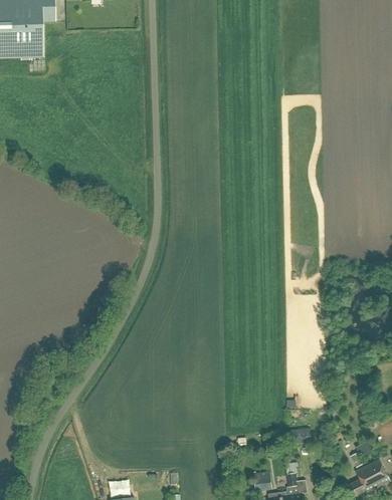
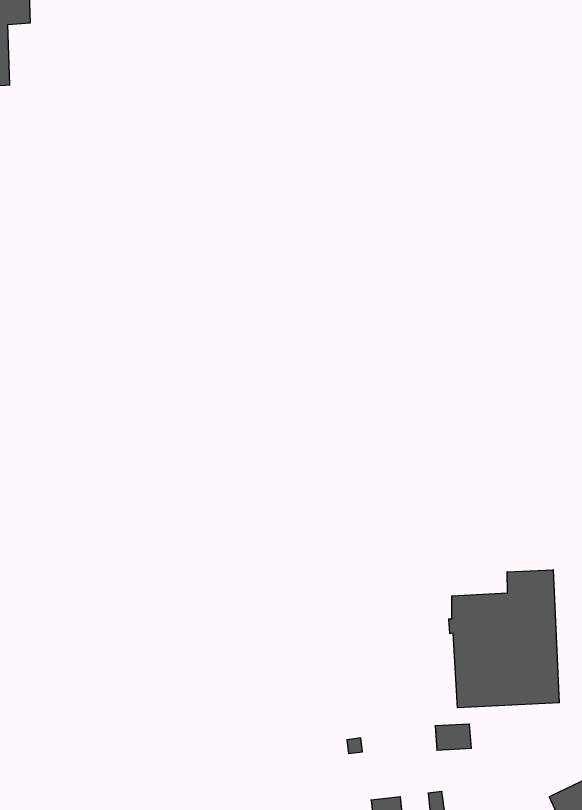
building: none -> [449,570,559,708]

